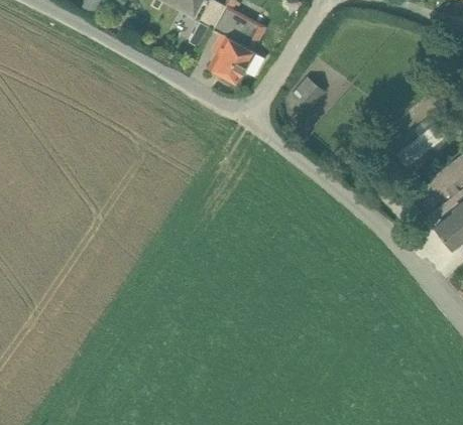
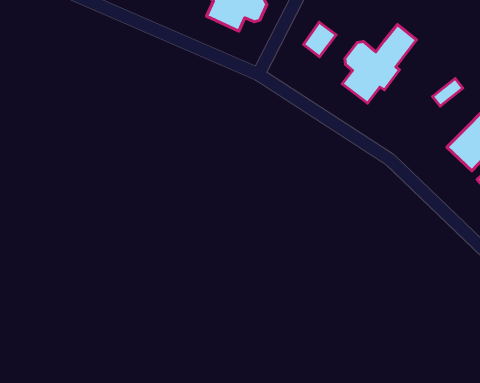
building: none -> [342,24,417,103]

